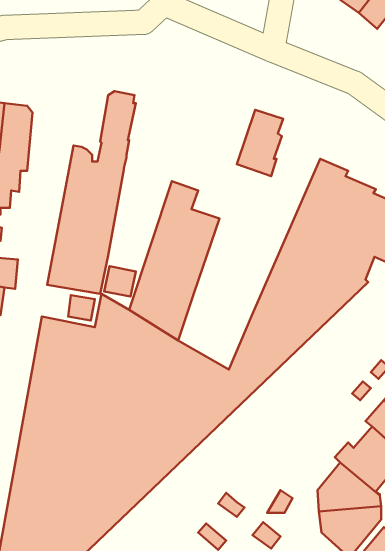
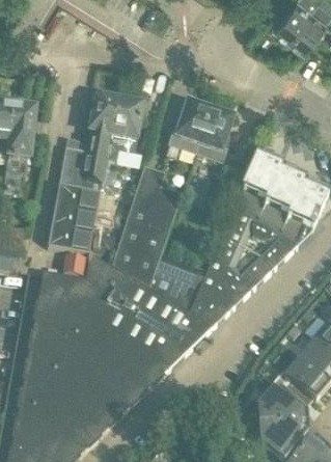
building: none -> [107,99,143,159]
building: none -> [167,103,210,158]
building: none -> [149,253,208,314]

